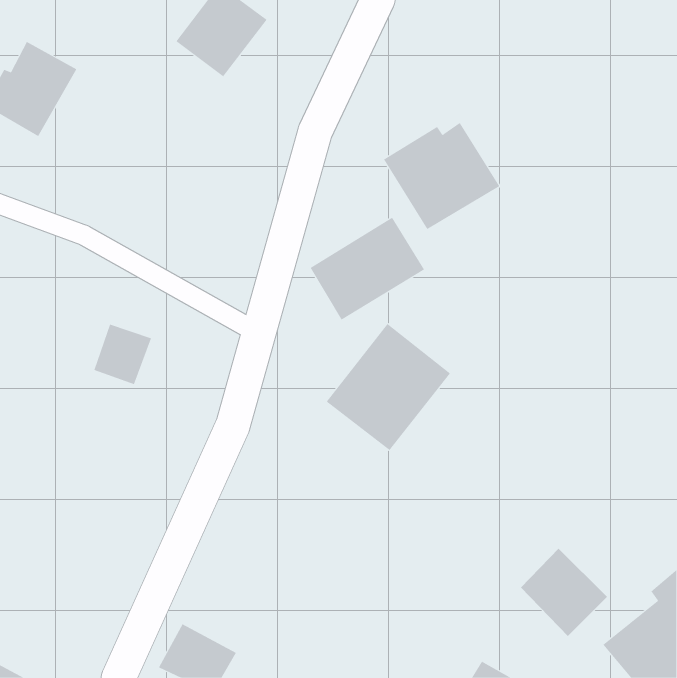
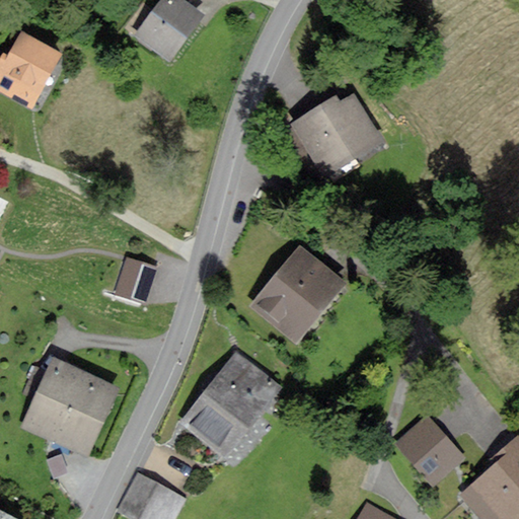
building: [310,217,425,320] -> none
building: [93,324,152,385] -> [113,253,157,300]
building: none -> [182,353,283,460]
building: none -> [26,360,123,457]

